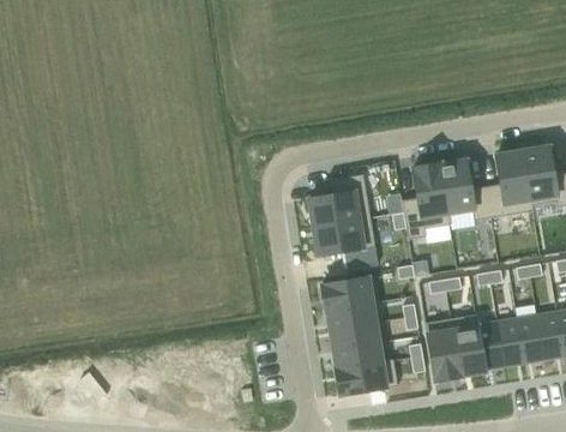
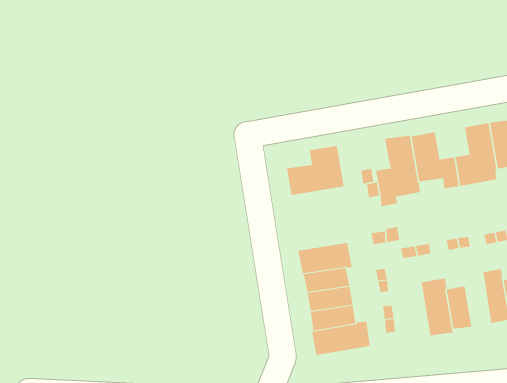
building: [313,217,378,268] -> none
building: [424,318,459,380] -> none
building: [496,319,523,365] -> none

